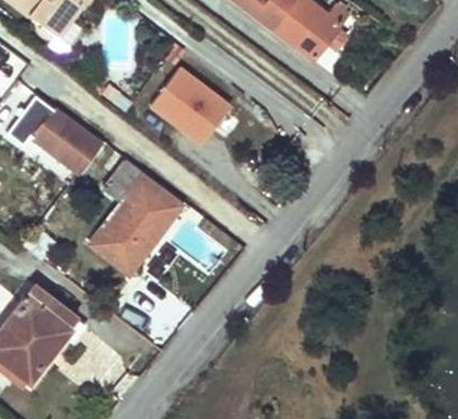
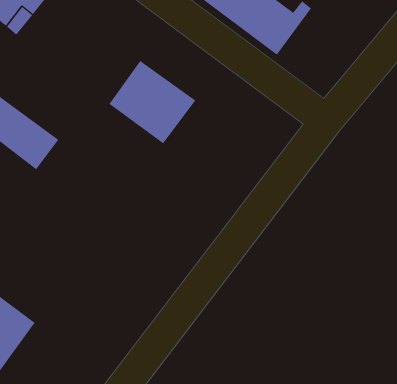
building: [92,160,181,275] -> none

